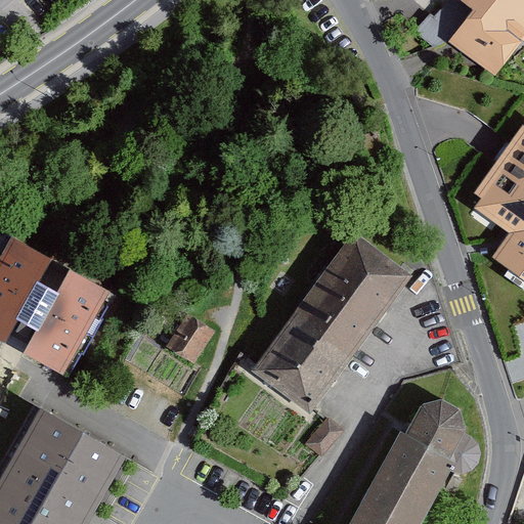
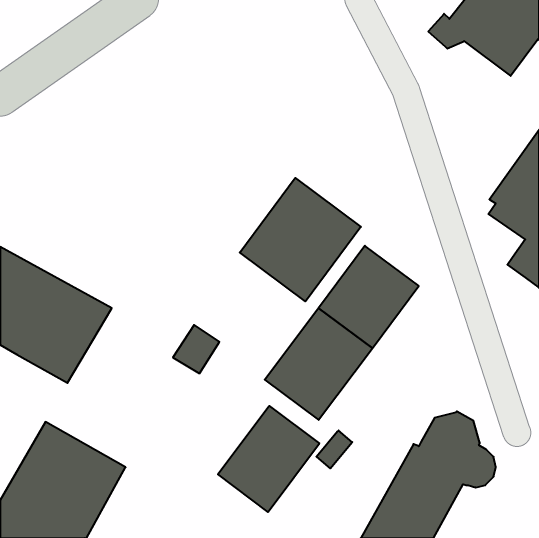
building: none -> [240,178,361,301]
building: none -> [218,406,319,512]

